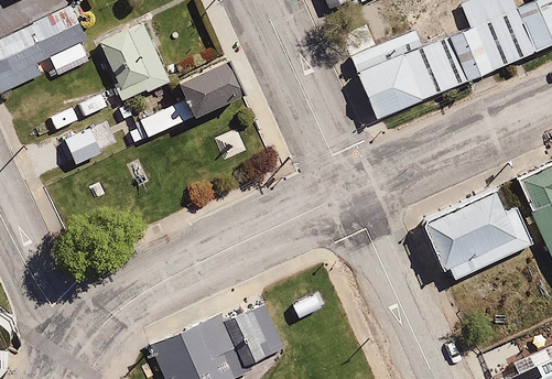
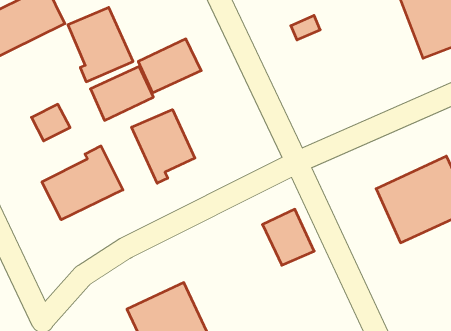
building: [359,31,459,117] -> none
building: none -> [132,110,195,183]
building: none -> [42,146,123,220]
building: [232,305,289,366] -> [262,209,314,265]

